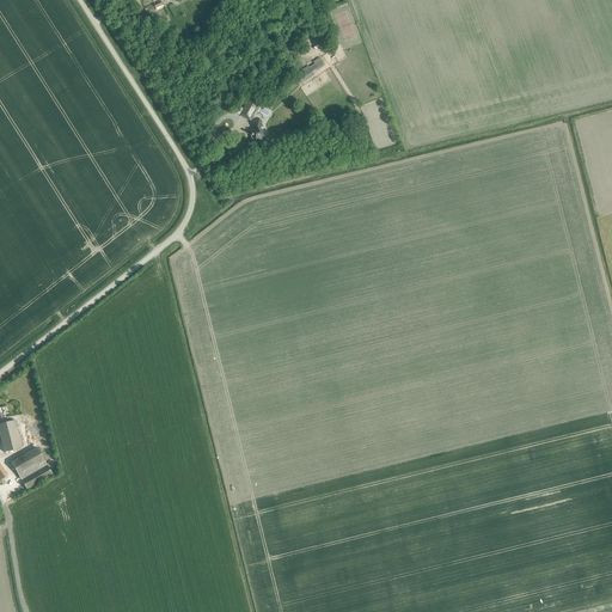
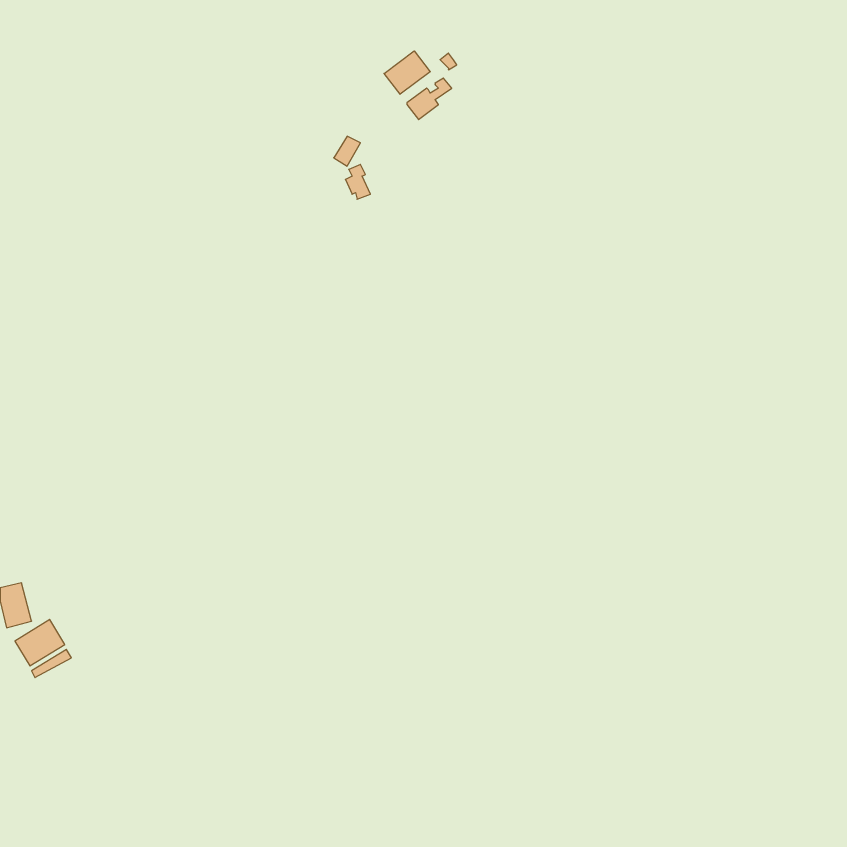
building: none -> [384,51,430,94]

